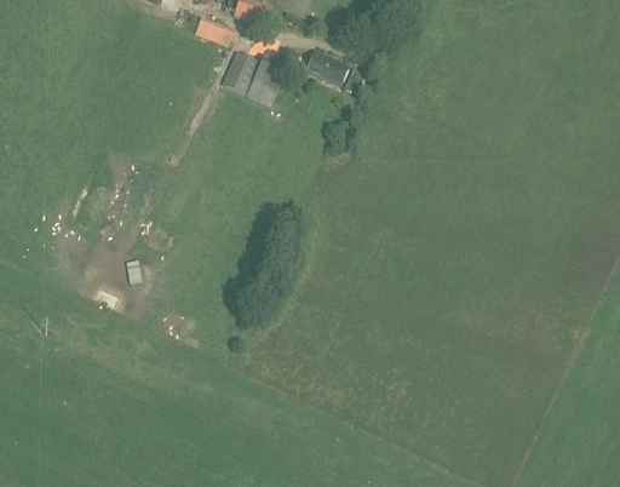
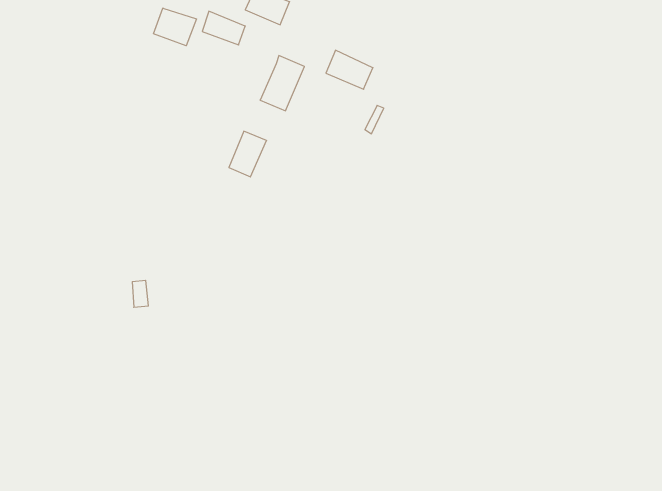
building: none -> [154,8,196,46]
building: [223,52,257,93] -> [229,131,267,177]

